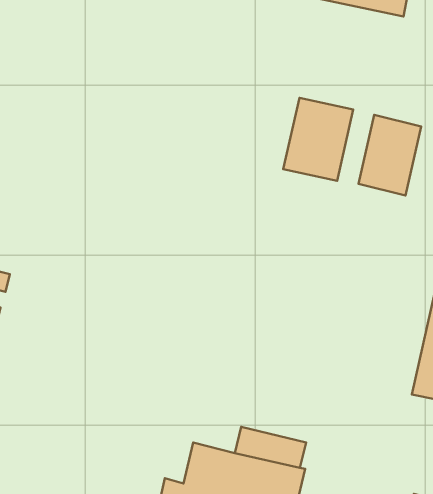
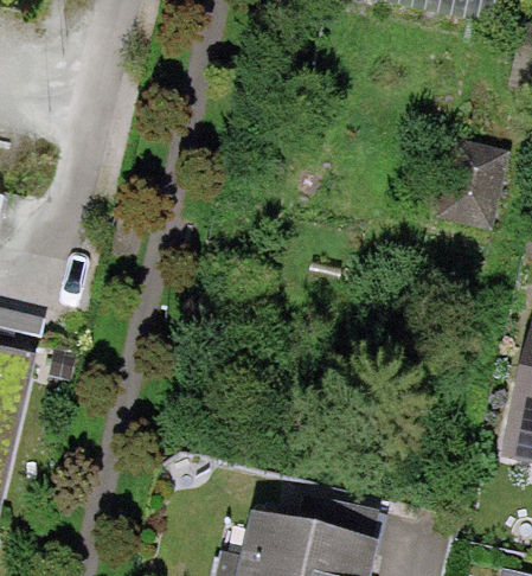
building: [283,98,353,181] -> none

